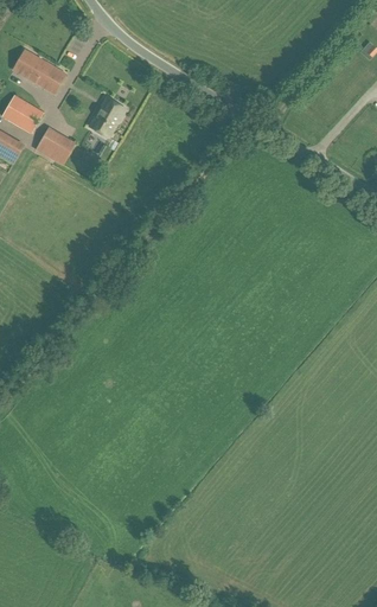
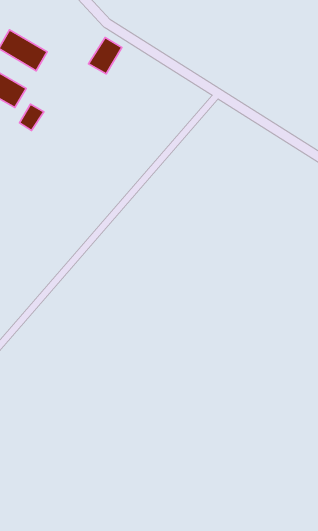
building: [90,98,126,138] -> [88,37,122,74]

